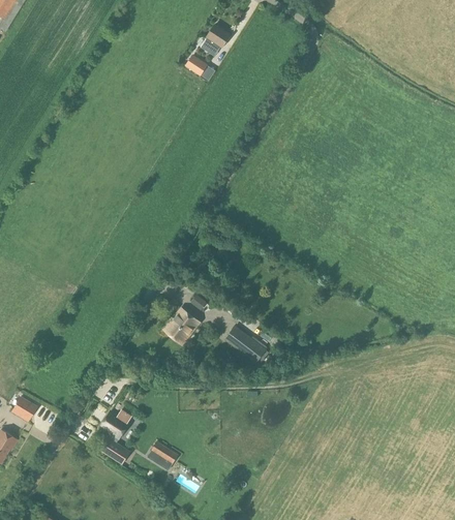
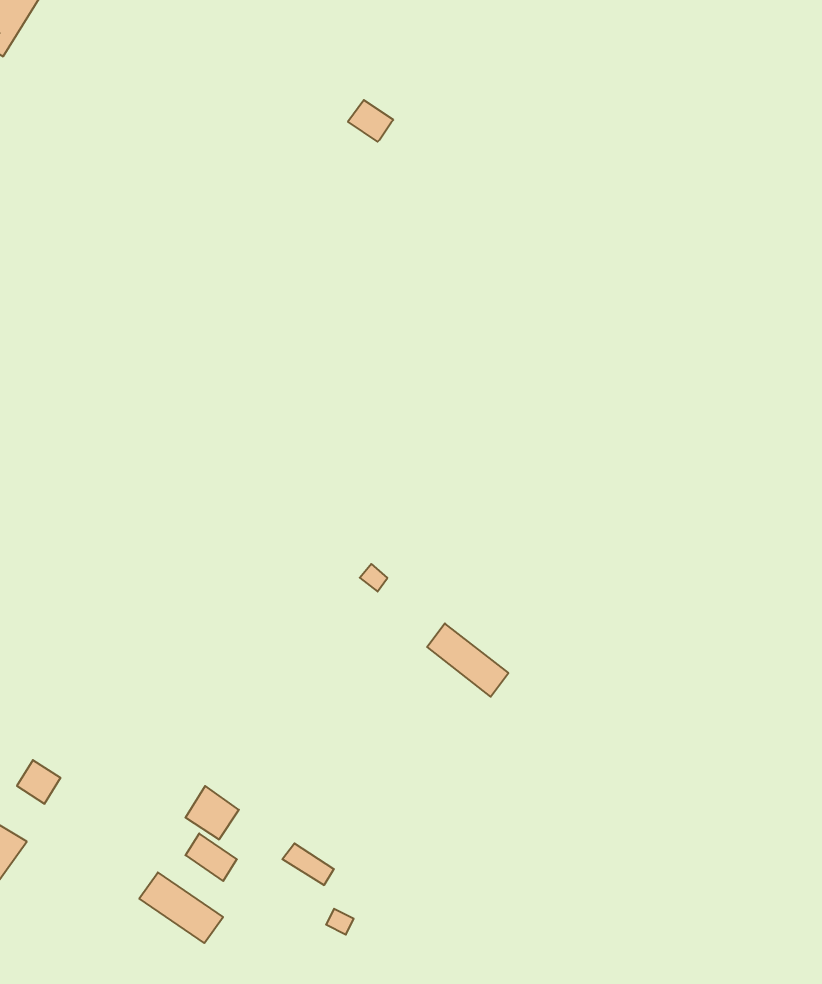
building: [203,25,230,51] -> none
building: [165,309,199,343] -> none
building: none -> [139,872,223,943]

